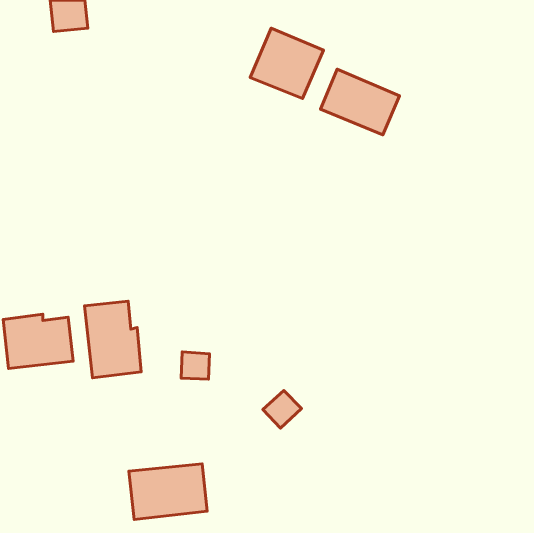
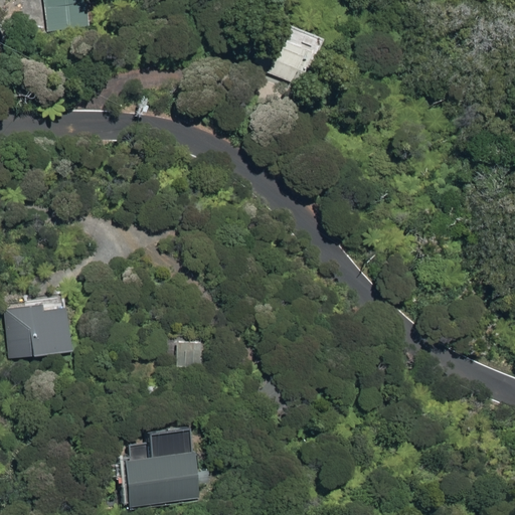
building: [321,69,399,135] -> none
building: [84,301,141,378] -> none

